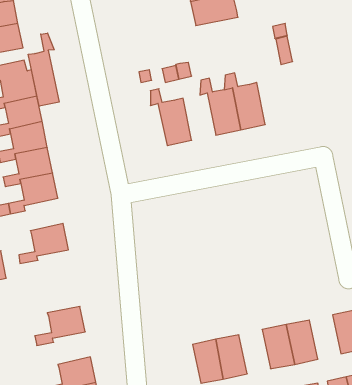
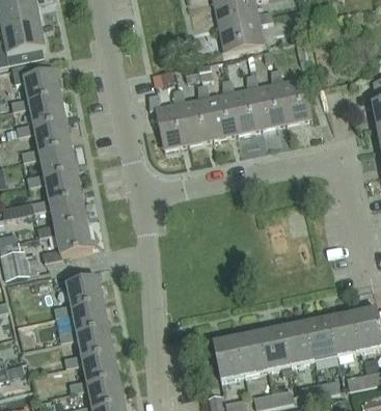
building: none -> [217,11,273,51]
building: [28,33,59,106] -> none
building: none -> [270,67,310,124]
building: none -> [196,83,237,139]
building: none -> [148,93,189,149]
building: none -> [37,196,86,237]
building: none -> [53,277,103,317]
building: none -> [329,311,360,355]
building: none -> [260,326,293,375]
building: none -> [63,328,113,367]

